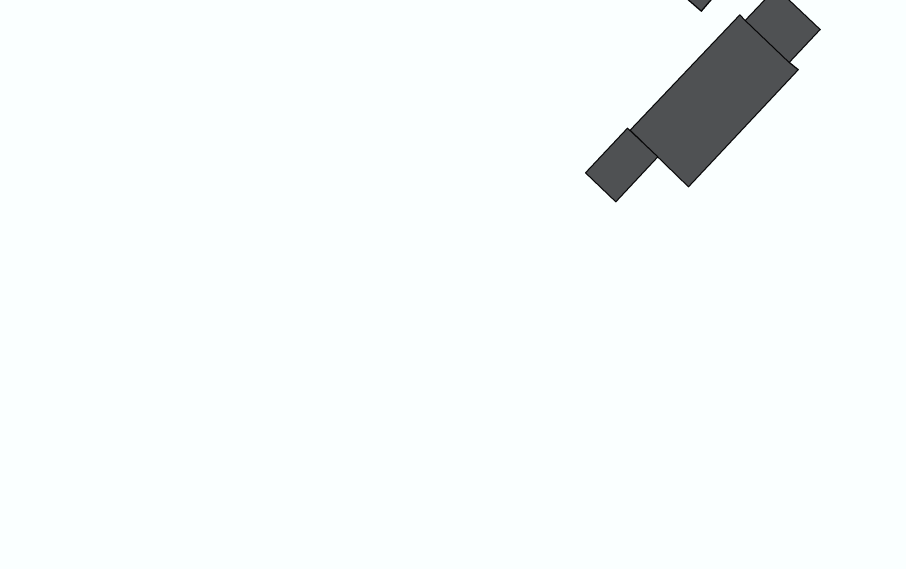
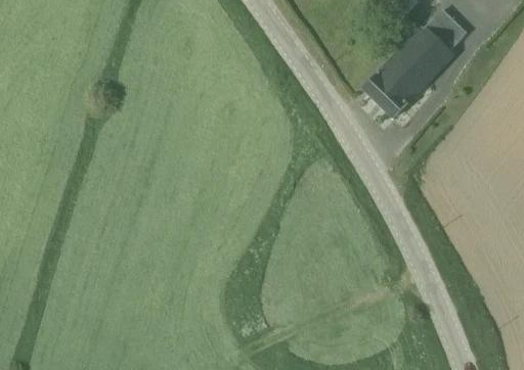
building: [586,128,658,202] -> none

